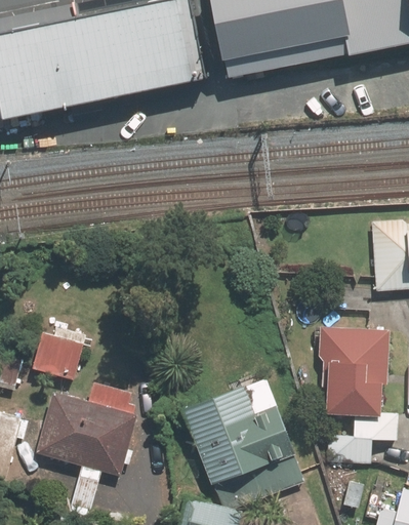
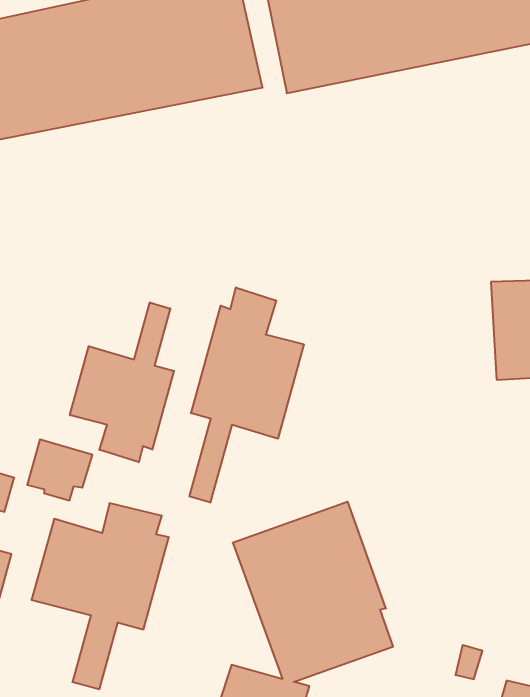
building: none -> [189,287,304,503]
building: none -> [70,302,174,462]
building: [315,324,393,462] -> none

